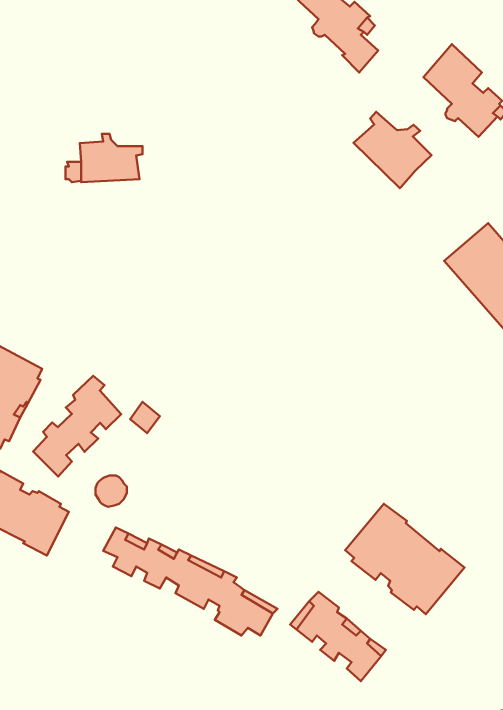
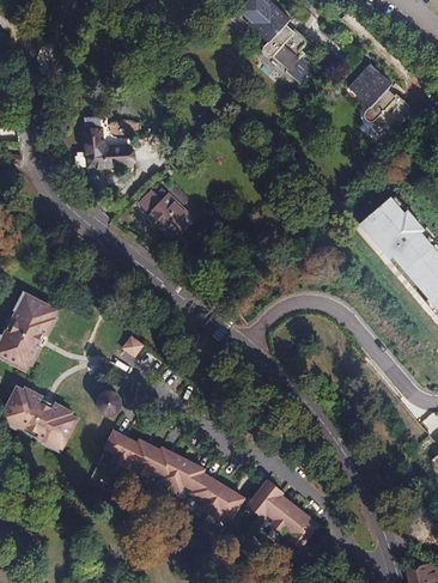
building: [353,112,431,188] -> none
building: none -> [146,192,194,250]
building: [33,376,121,476] -> none
building: [345,504,465,614] -> none

